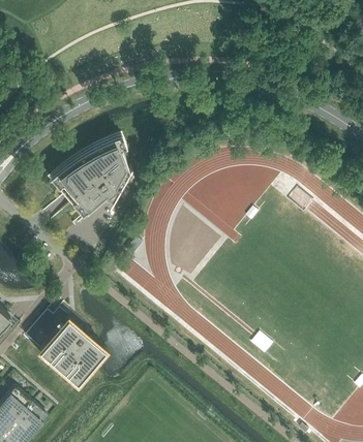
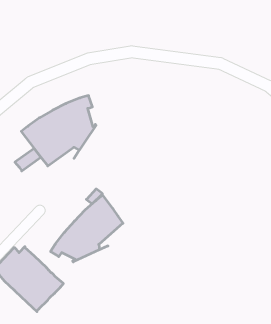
building: none -> [51,195,123,262]

